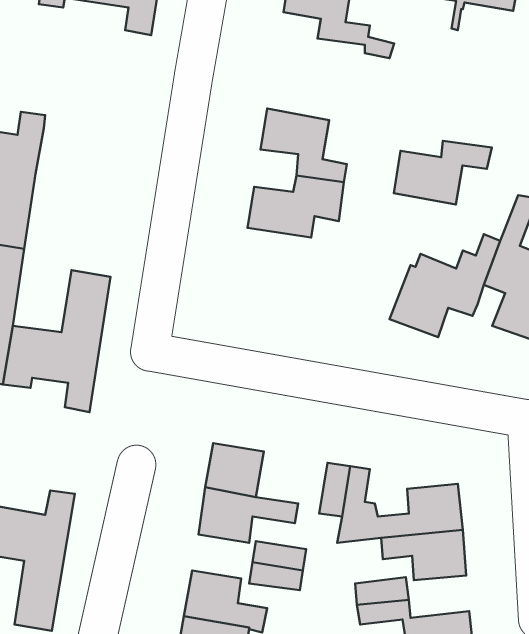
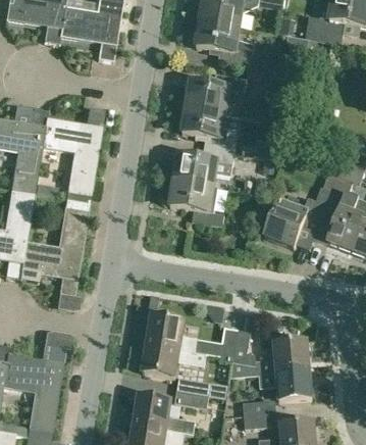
building: none -> [42,108,105,197]
building: [394,141,492,205] -> [187,73,248,113]
building: none -> [170,181,225,227]

